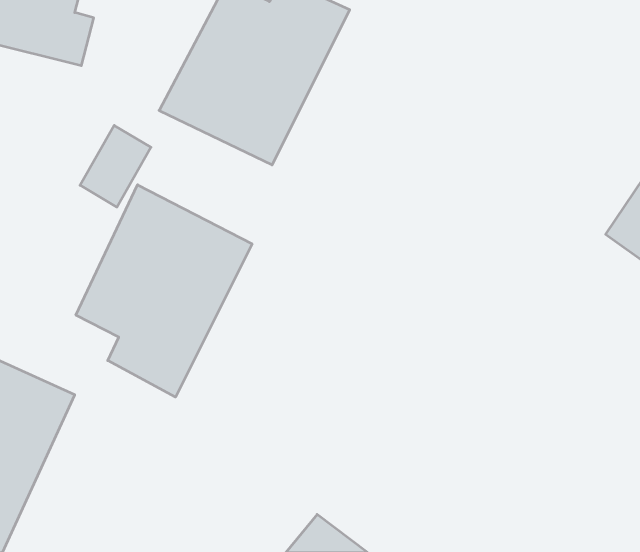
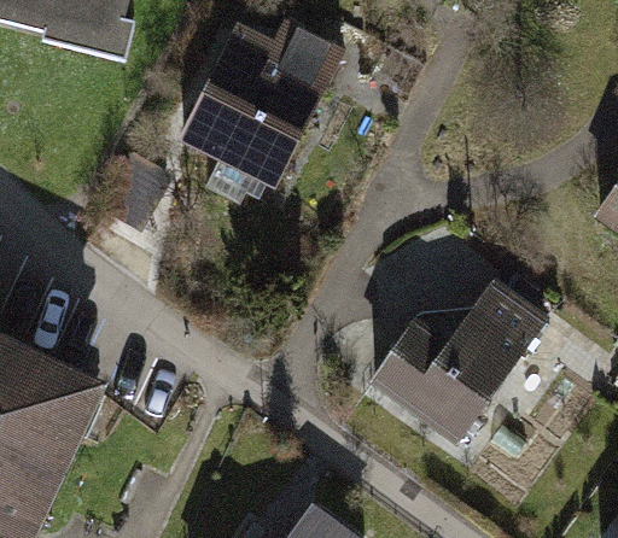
building: [76,185,252,397] -> none
building: none -> [368,277,543,439]

